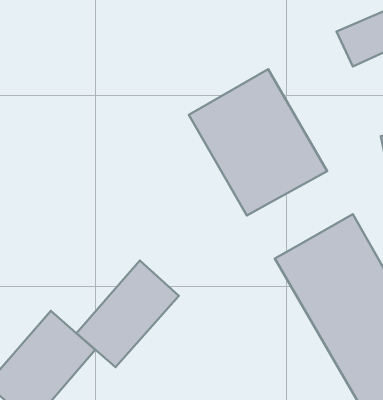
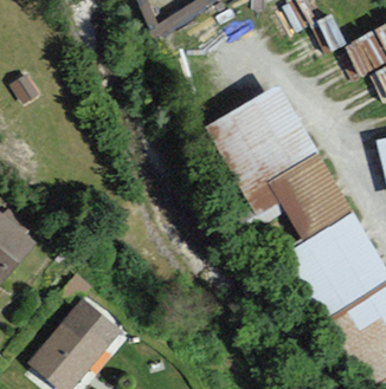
building: none -> [278,170,350,236]
building: [76,261,179,367] -> none

